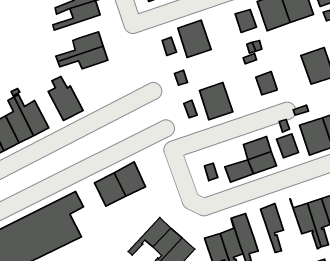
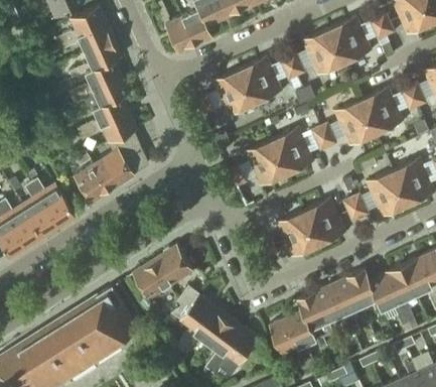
building: none -> [242,57,283,103]
building: none -> [70,75,130,104]
building: none -> [336,100,378,144]
building: none -> [96,129,148,188]
building: none -> [274,128,315,173]
building: none -> [279,211,312,239]
building: none -> [348,269,388,320]
building: none -> [173,293,215,349]
building: none -> [315,284,354,336]

